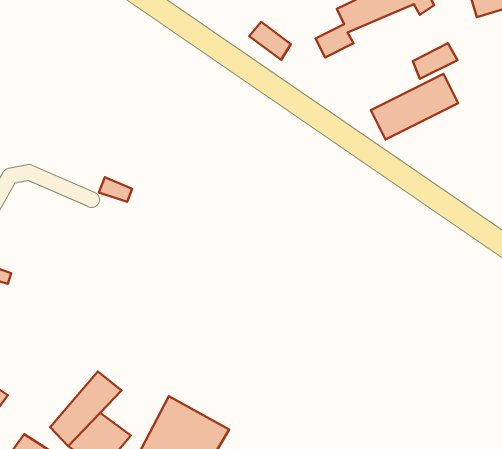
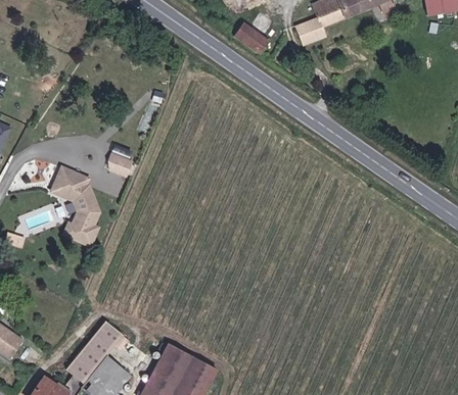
building: [413,43,457,79] -> none
building: [371,74,458,139] -> none
building: none -> [49,163,103,247]

